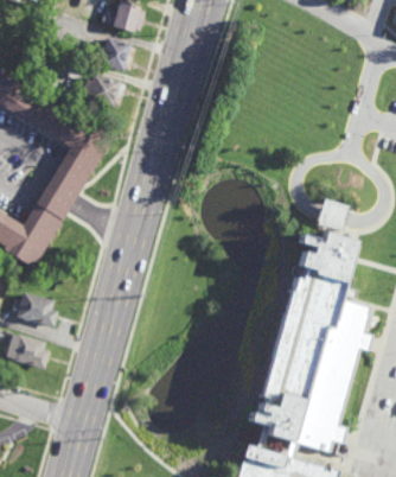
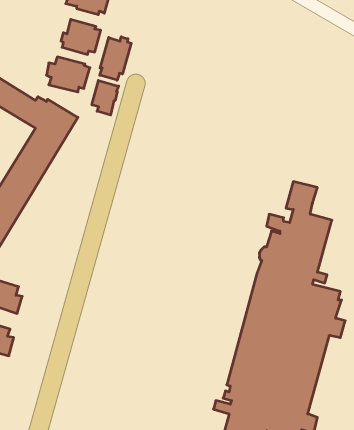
building: none -> [100,37,131,80]
building: none -> [92,80,119,115]

